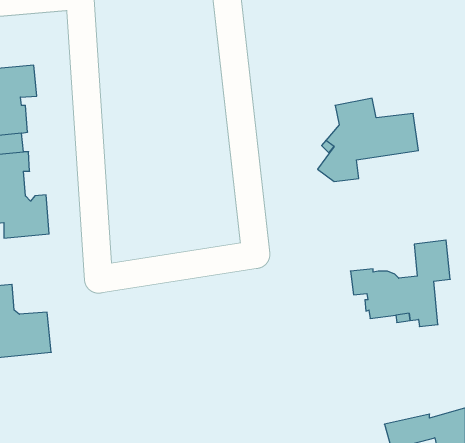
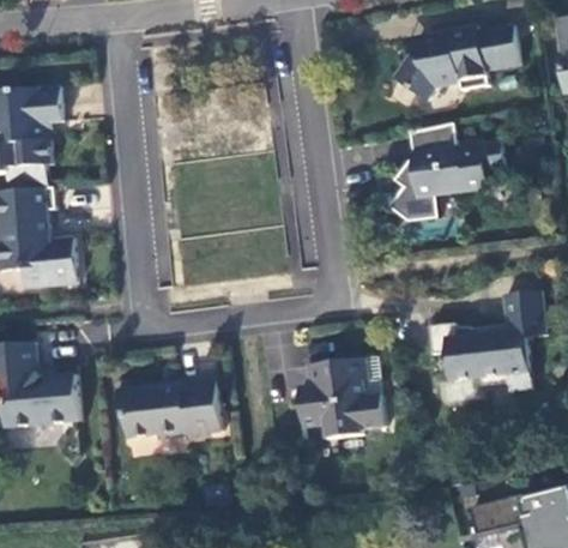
building: none -> [394,25,520,101]
building: none -> [298,359,385,439]
building: none -> [116,378,222,439]

